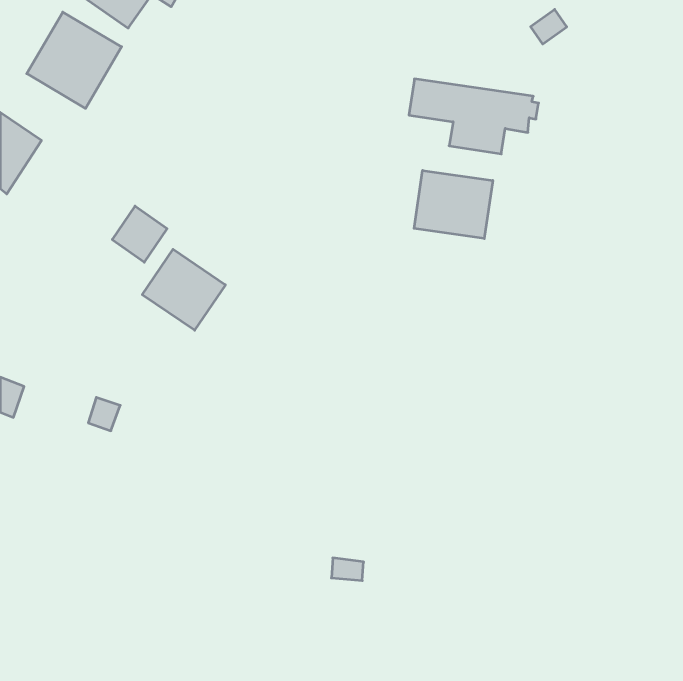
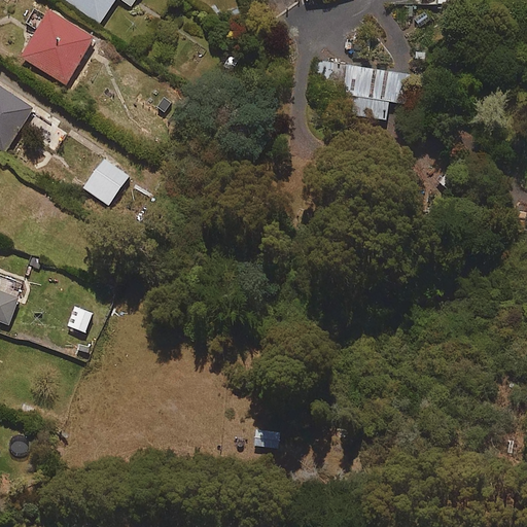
building: [414,170,493,239] -> none
building: [142,249,225,330] -> none

